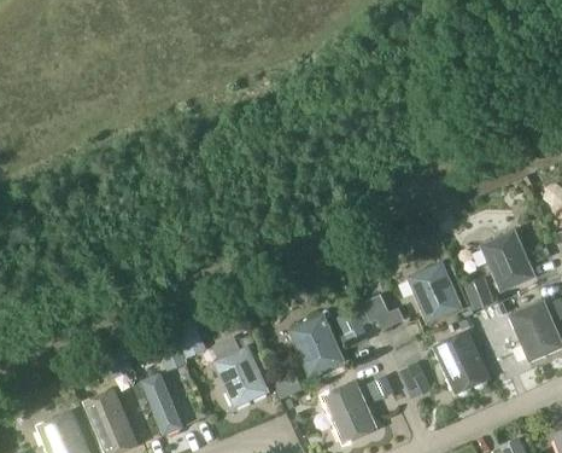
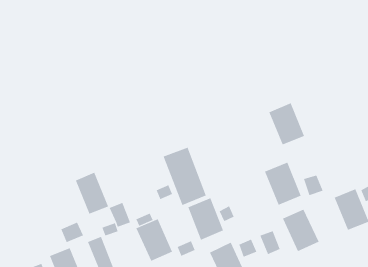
building: [480,228,534,292] -> [269,102,305,145]
building: none -> [163,147,207,206]
building: none -> [75,172,109,215]
building: [363,294,405,329] -> none

